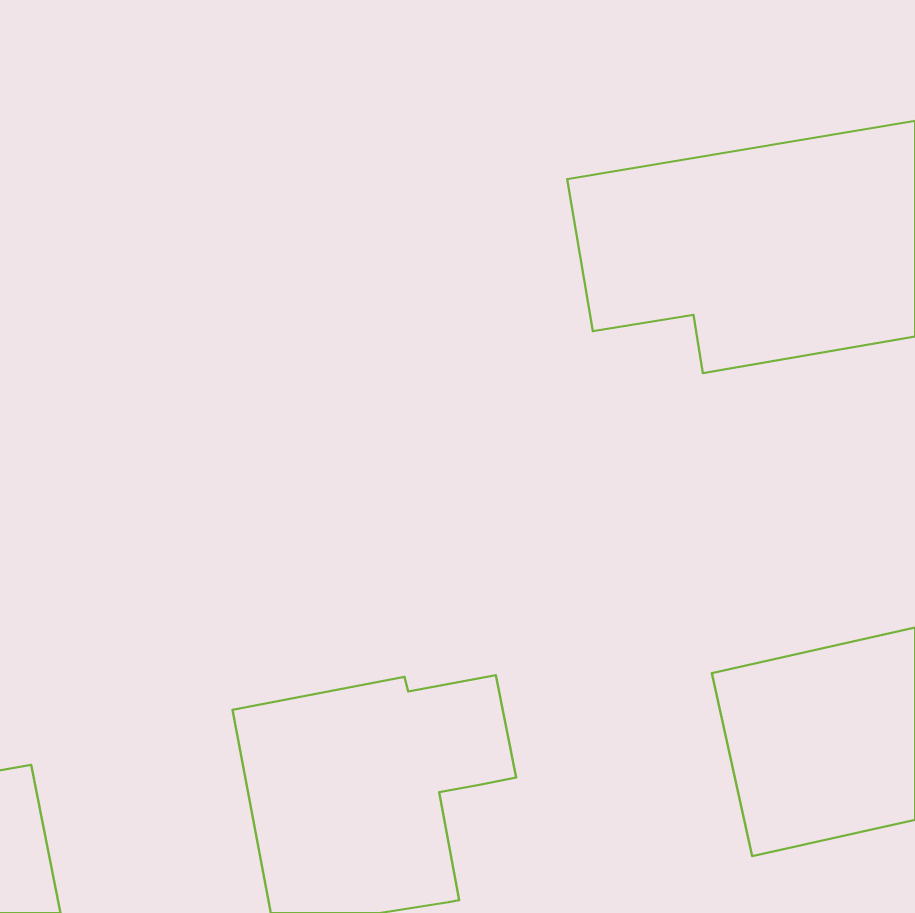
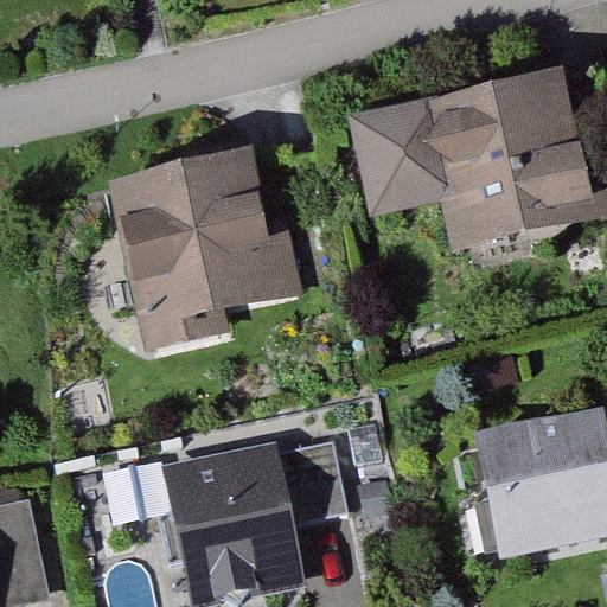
building: none -> [124,158,294,326]

